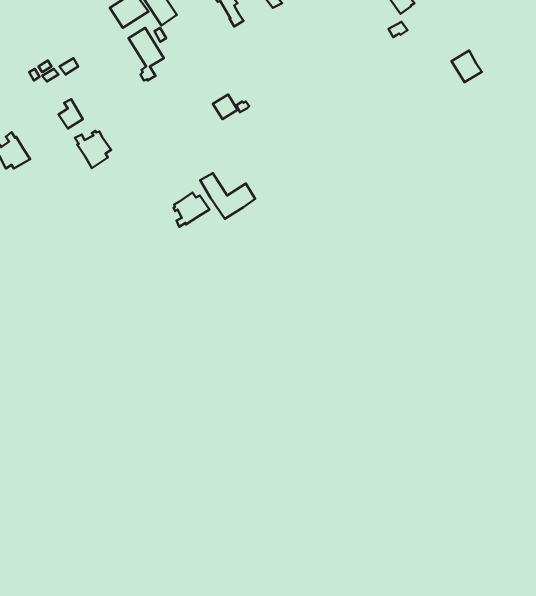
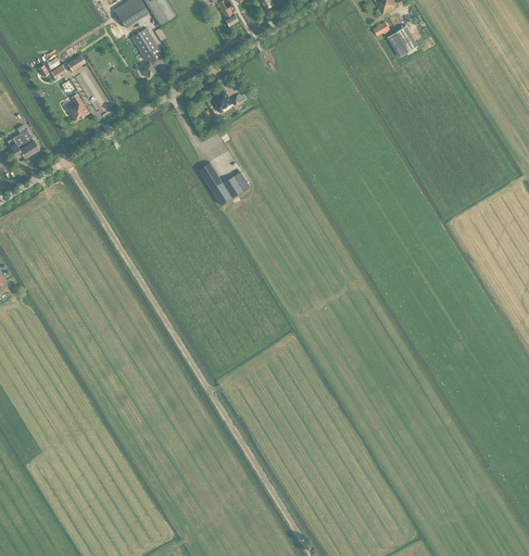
building: [451,51,482,82] -> [387,27,415,56]
building: [75,131,111,168] -> none
building: [173,192,210,227] -> none

